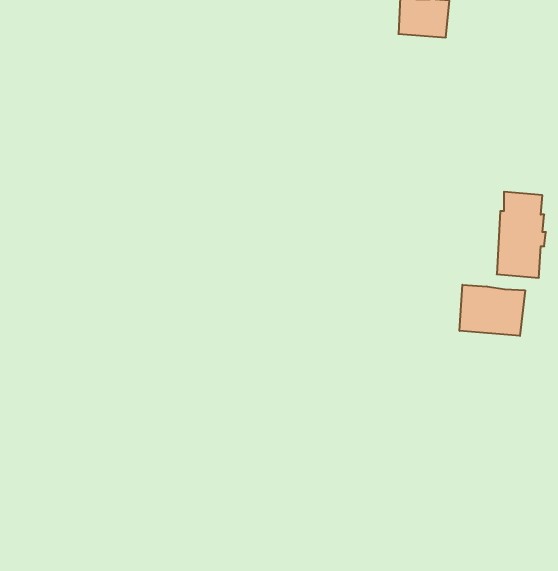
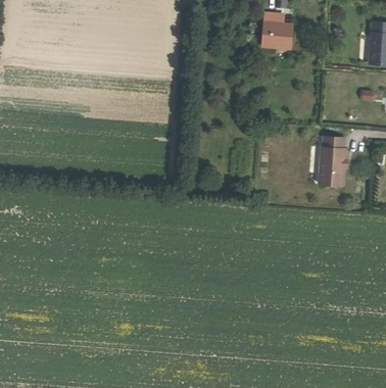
building: [460,285,525,336] -> none

